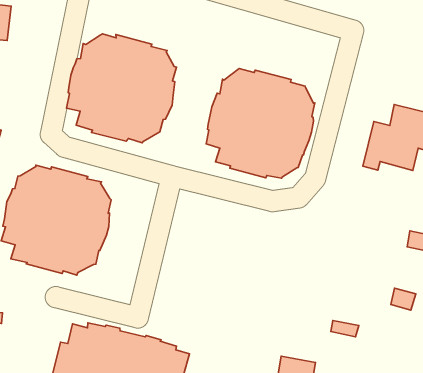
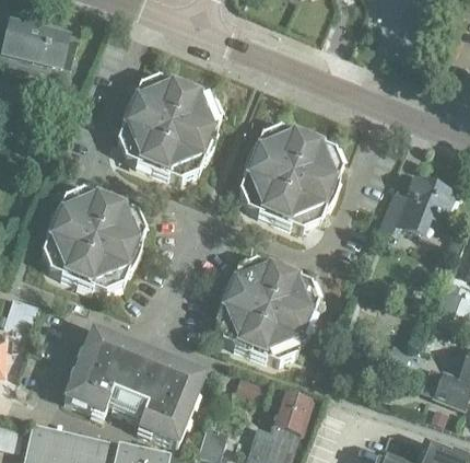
building: none -> [214,256,320,361]

